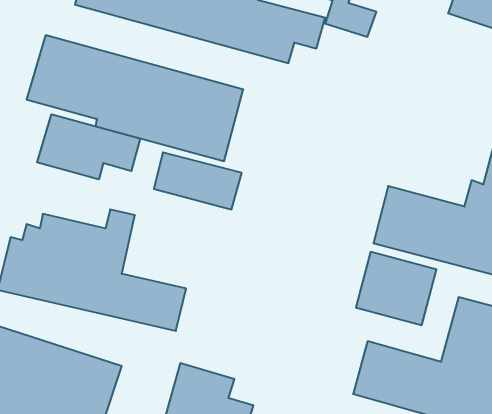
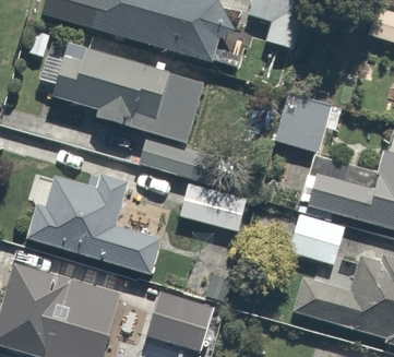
building: none -> [276,95,333,152]
building: [37,114,140,179] -> none
building: none -> [178,186,250,229]

